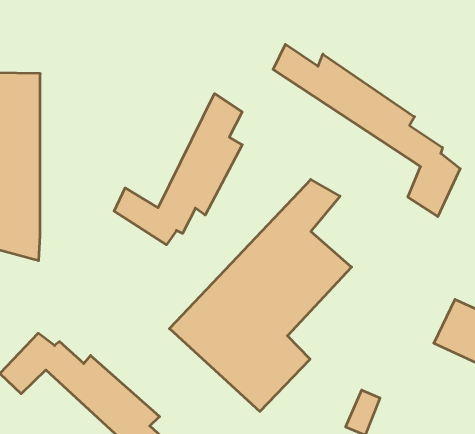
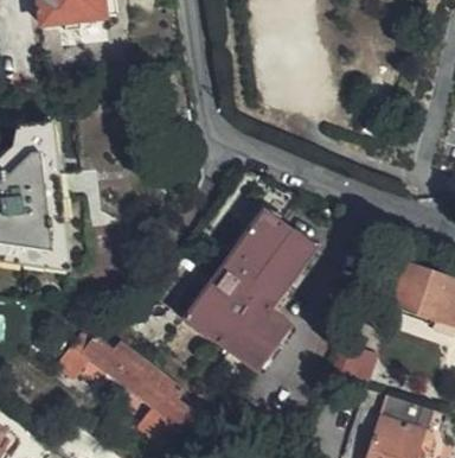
building: [273,44,460,217] -> none
building: [114,94,242,245] -> none

